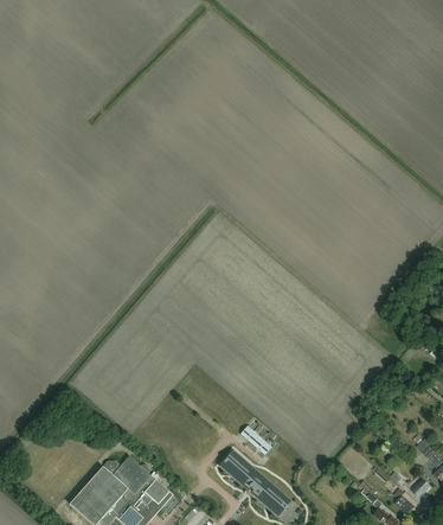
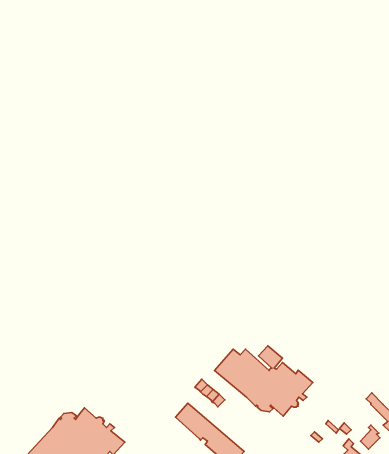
building: none -> [214,346,313,416]

